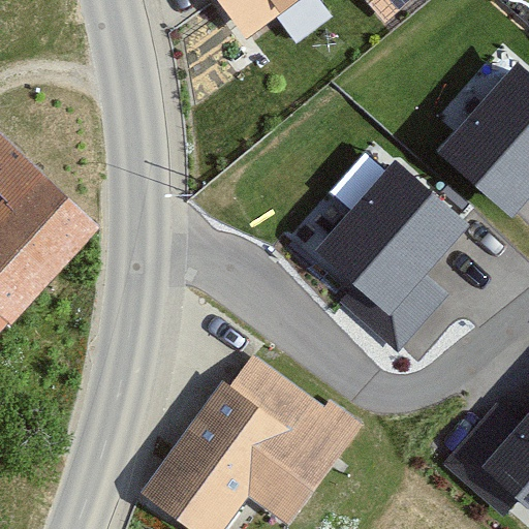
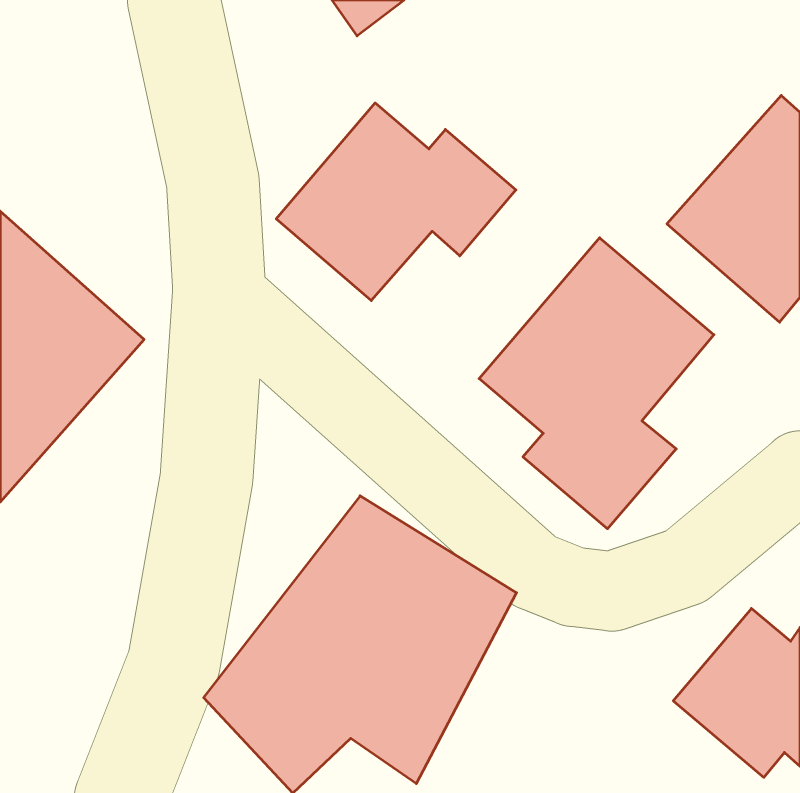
building: none -> [276,103,516,301]

